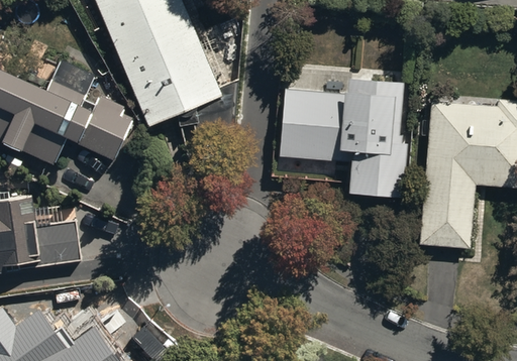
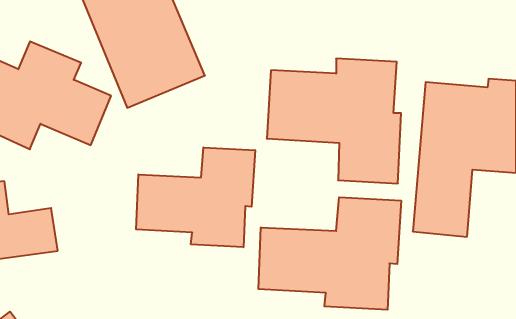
building: none -> [136,147,255,247]
building: none -> [258,197,401,310]

